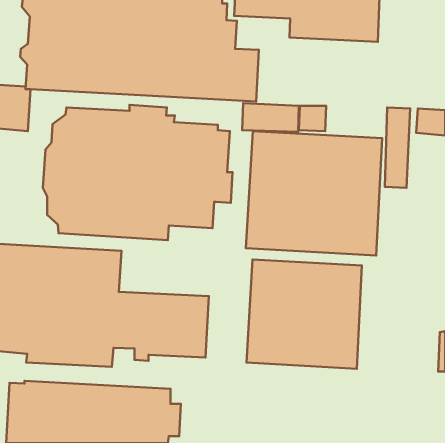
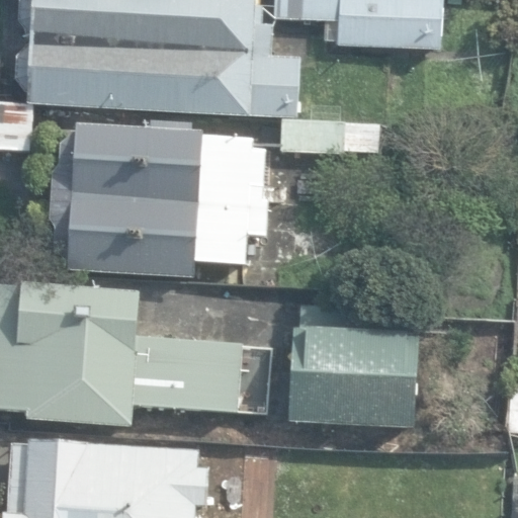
building: [246,131,382,255] -> none

